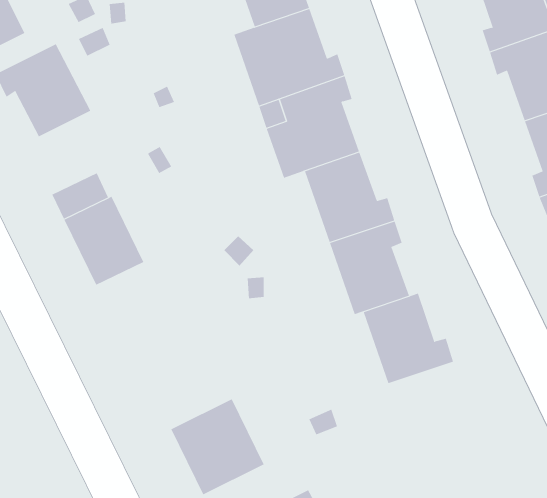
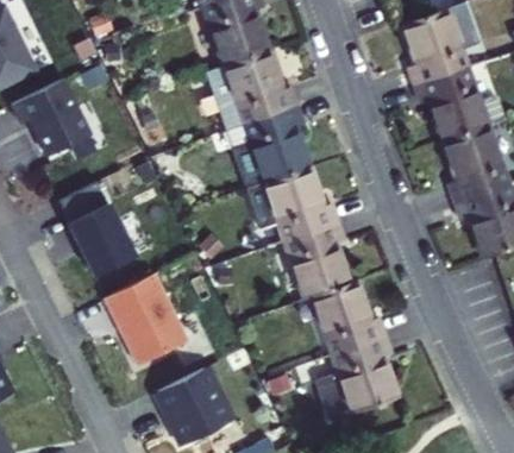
building: none -> [106,273,188,365]
building: none -> [318,338,397,422]

